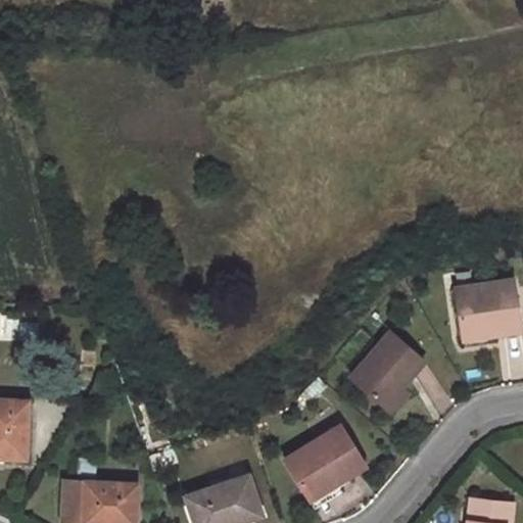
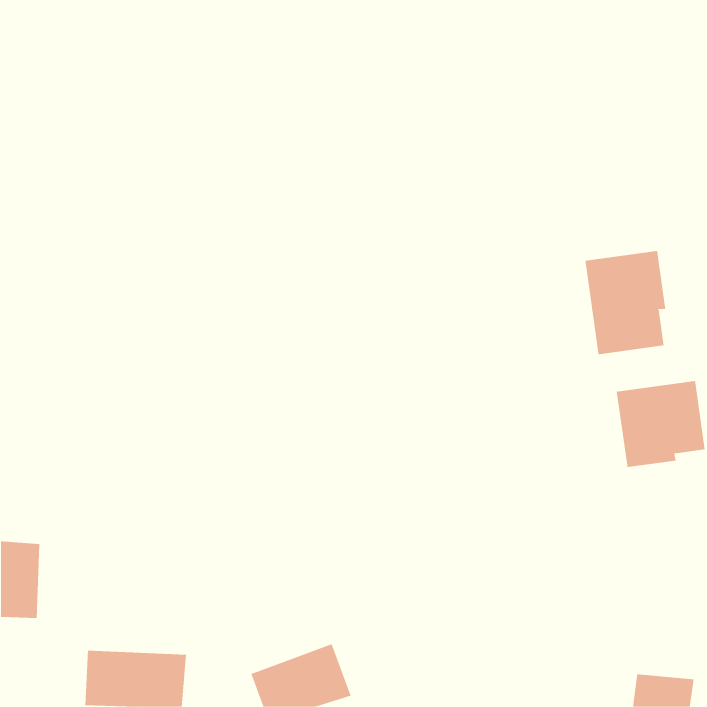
building: none -> [585,250,666,355]
building: [350,332,425,414] -> none
building: [285,426,366,496] -> none

